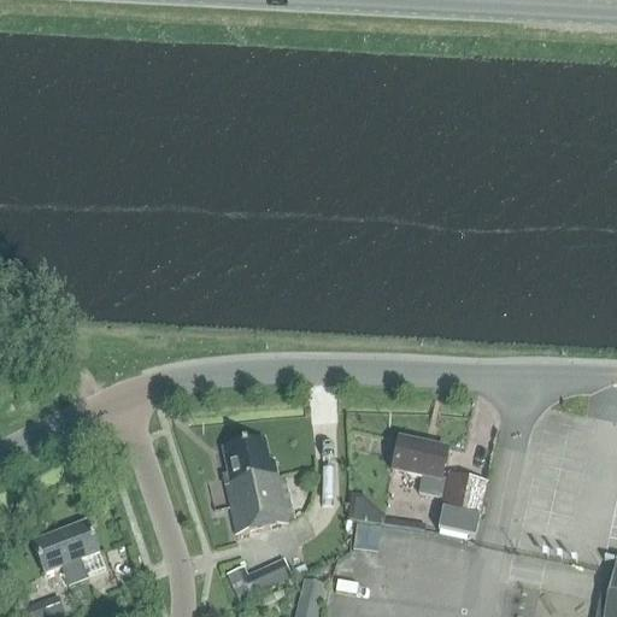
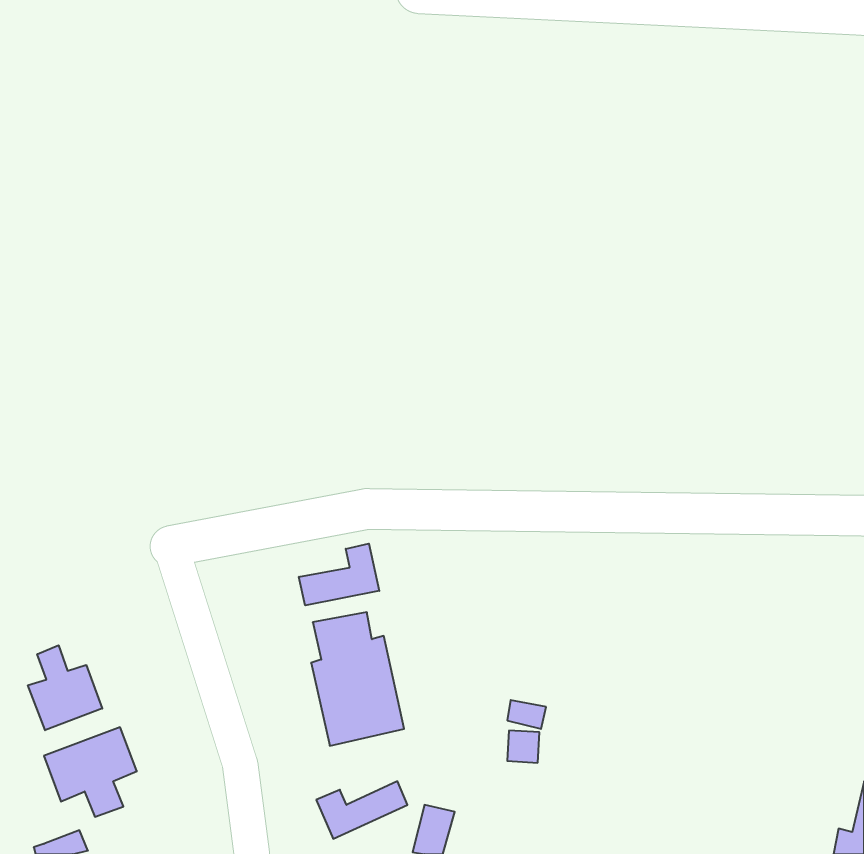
building: none -> [299,544,379,605]
building: [390,436,487,536] -> none
building: none -> [28,645,102,730]

